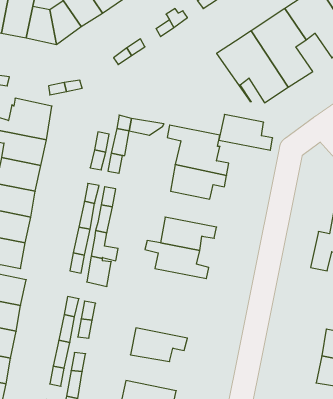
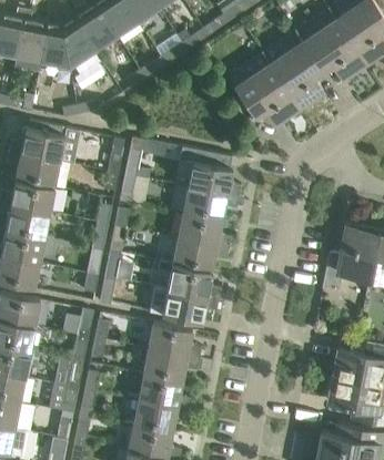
building: [219,114,273,150] -> [178,213,231,248]
building: none -> [150,287,219,323]
building: none -> [149,323,202,358]
building: none -> [139,375,191,410]

